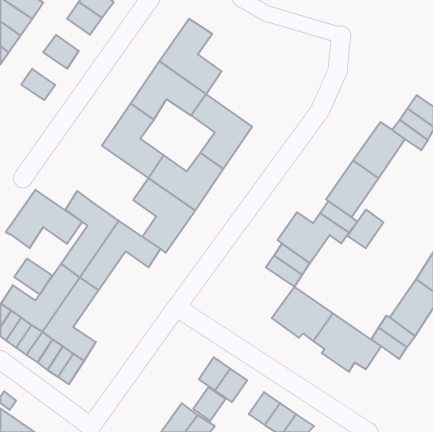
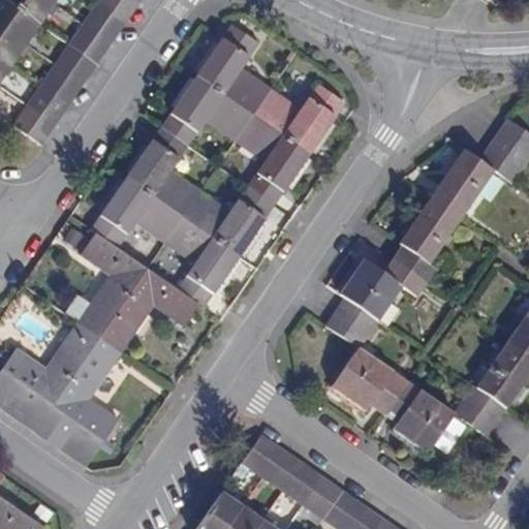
building: none -> [69,23,111,62]
building: none -> [40,64,83,103]
building: none -> [252,82,346,154]
building: none -> [12,103,55,144]
building: [6,190,82,248] -> [89,178,182,249]
building: [347,210,383,248] -> none
building: [14,259,52,294] -> none
building: [193,387,225,421] -> [283,463,322,504]

